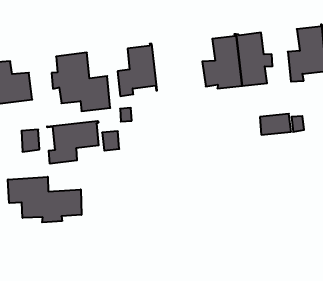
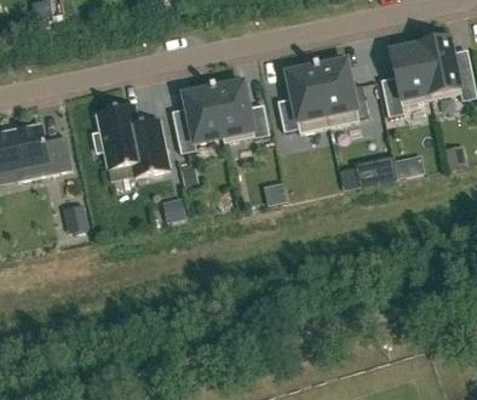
building: none -> [213,80,270,142]
building: [47,121,99,164] -> none
building: [8,177,81,222] -> none

